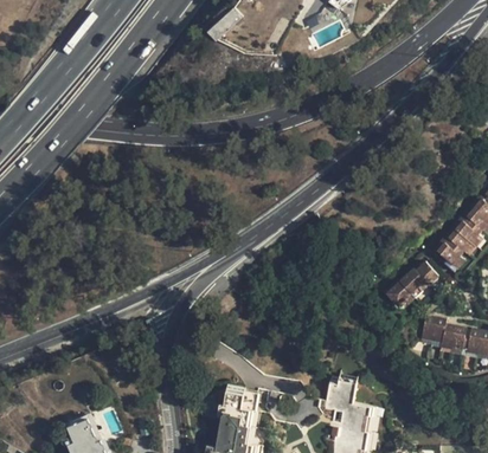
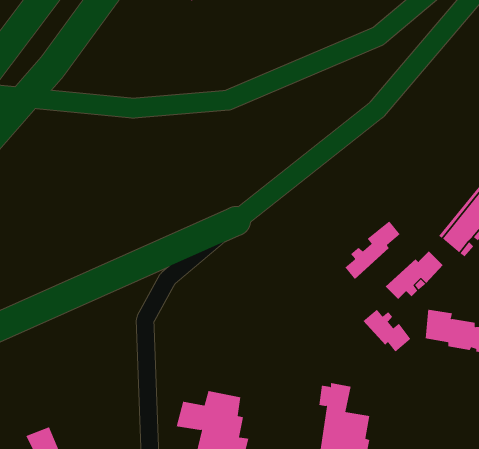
building: none -> [345,221,401,280]
building: none -> [363,309,411,352]

